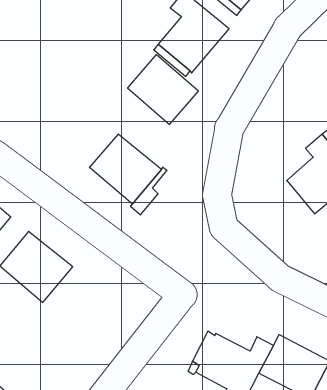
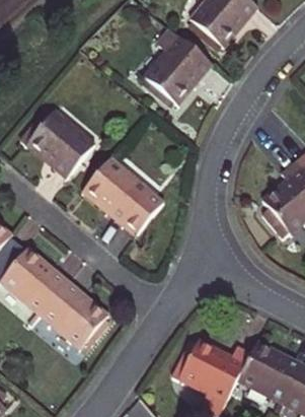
building: [128,55,198,124] -> [28,111,93,175]
building: none -> [41,280,107,347]

